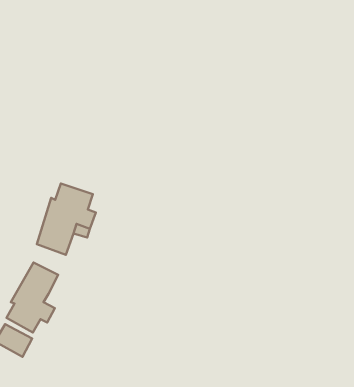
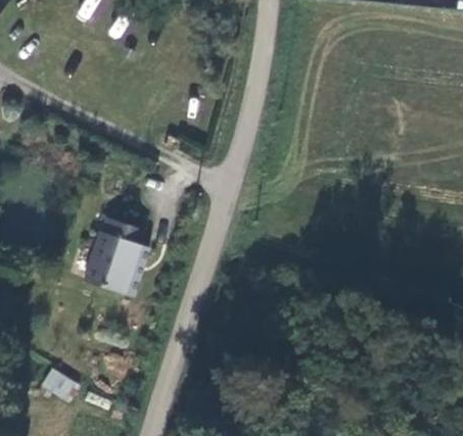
building: [7,262,58,332] -> none

